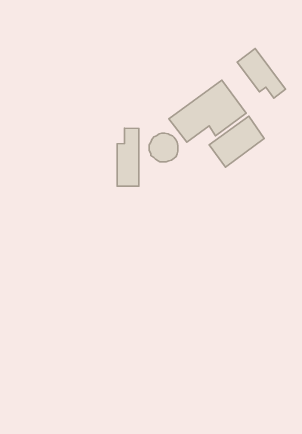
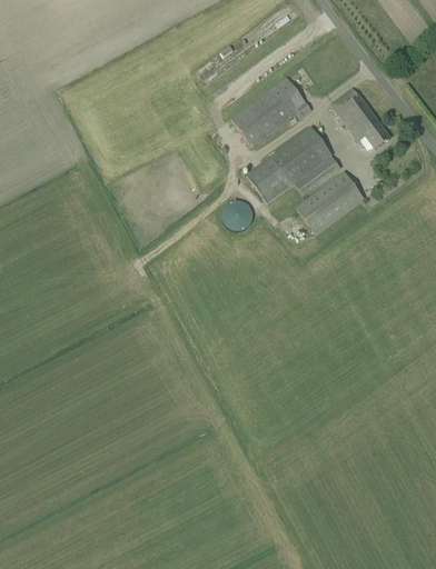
building: none -> [230,76,310,146]
building: [117,128,139,186] -> none

